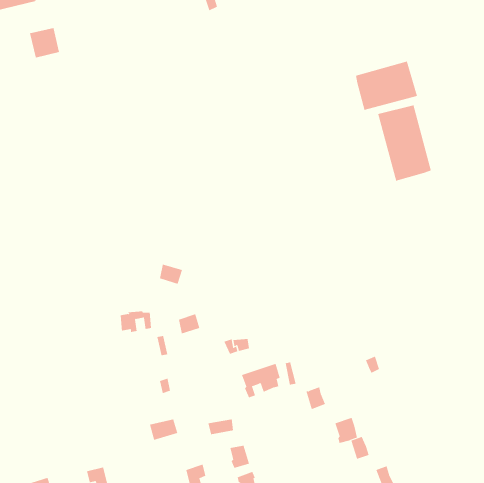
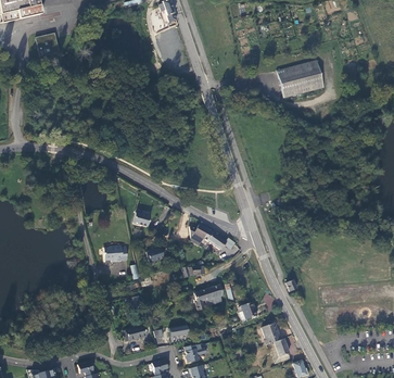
building: [377,105,431,181] -> none
building: none -> [189,225,234,254]

